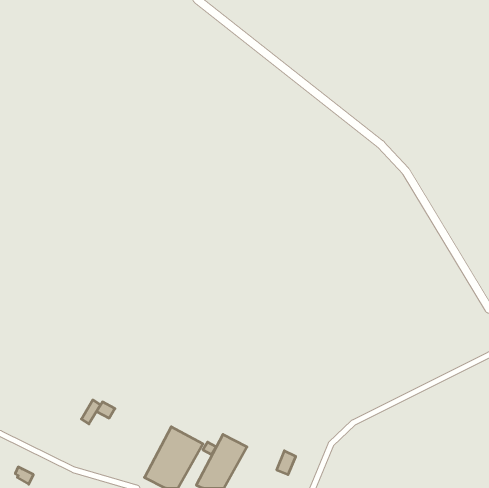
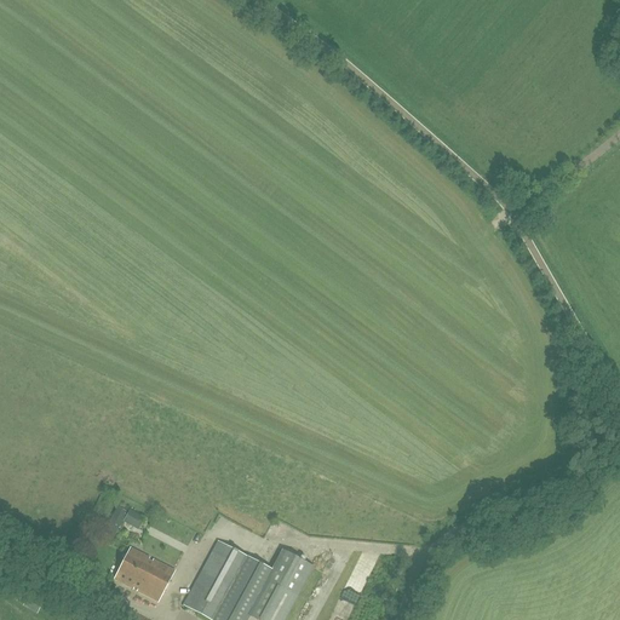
building: none -> [114,547,173,601]

